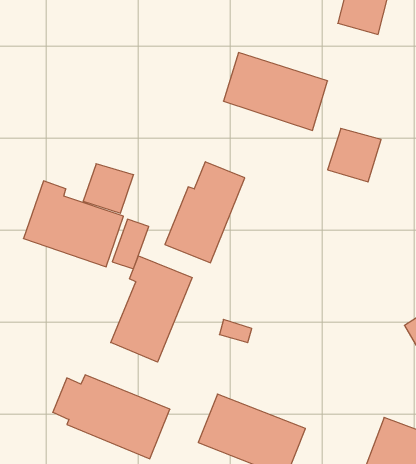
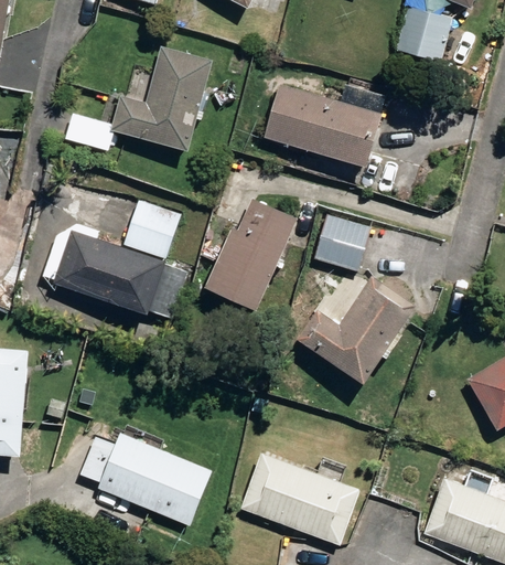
building: none -> [67,47,209,152]
building: [328,128,381,182] -> [311,215,369,274]
building: none -> [296,271,413,385]
building: [111,256,192,362] -> none

